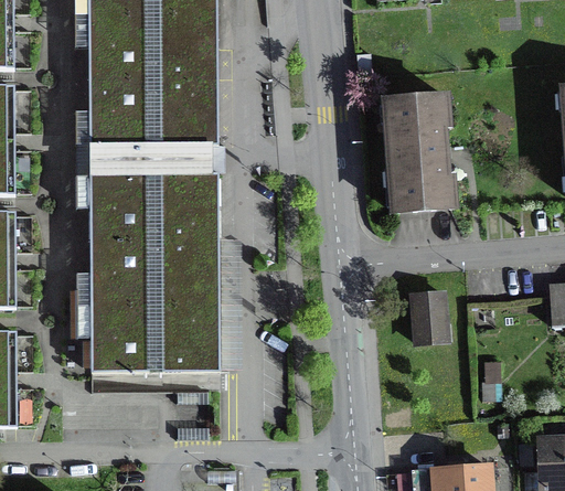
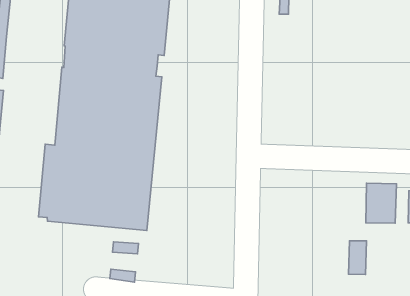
building: [381,90,458,215] -> none
building: [409,289,451,343] -> [366,183,397,223]

